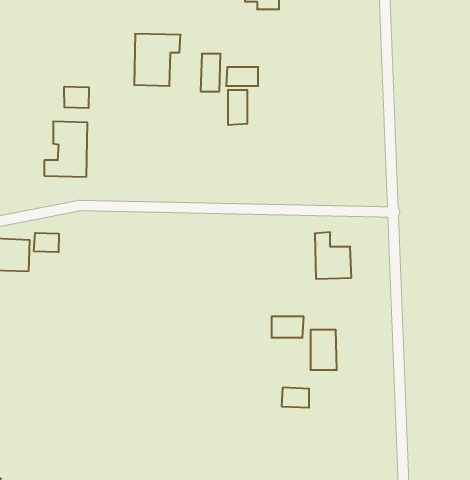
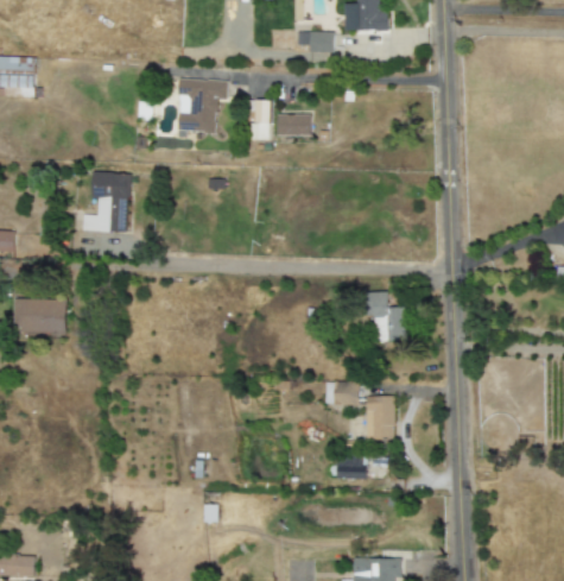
building: [64,87,89,108] -> none
building: [228,90,247,125] -> none
building: [34,233,59,252] -> none

